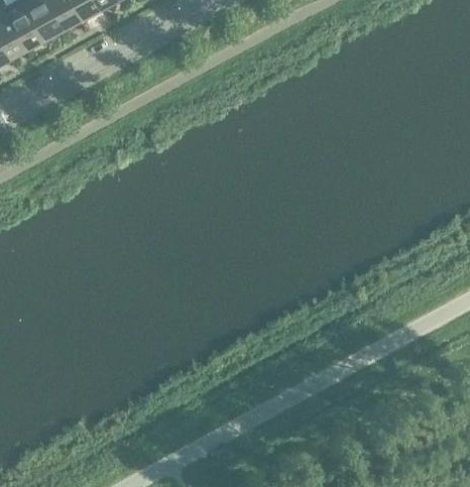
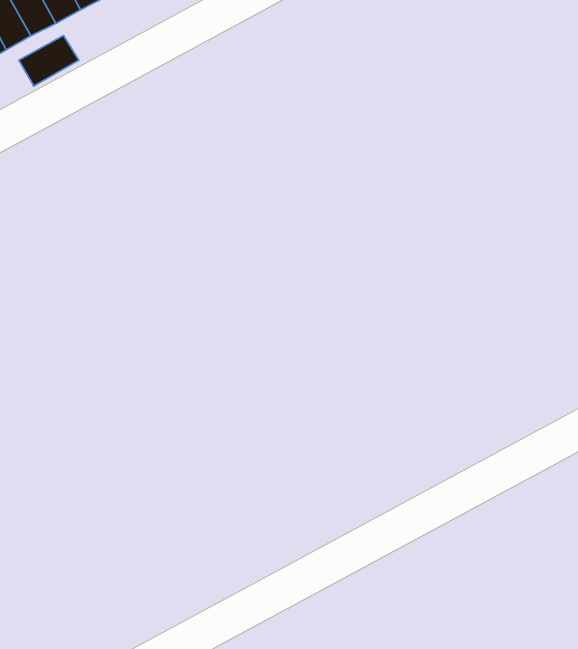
building: none -> [19,35,79,86]

